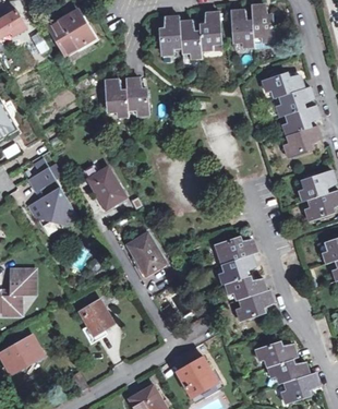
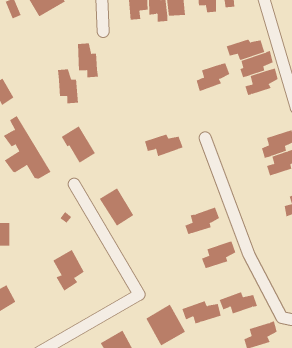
building: [124,79,147,116] -> [57,69,79,104]
building: [283,127,319,157] -> [196,63,230,92]
building: [215,237,256,261] -> [144,134,183,157]
building: [225,274,266,299] -> none
building: [265,359,307,384] -> [181,300,222,324]

